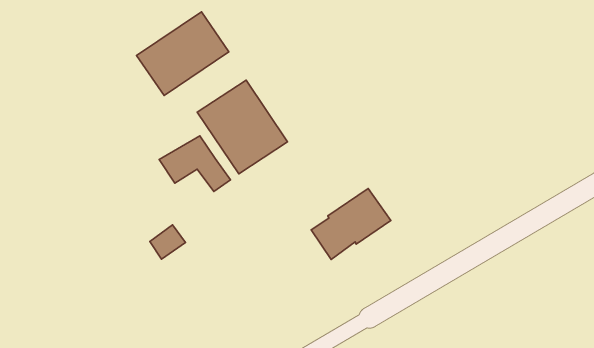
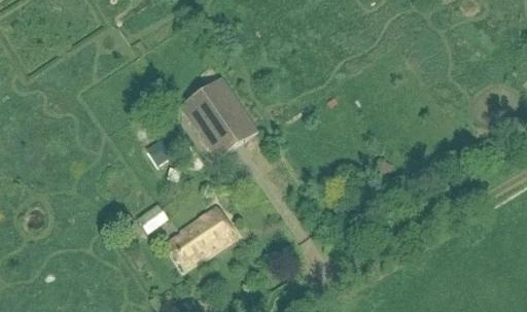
building: [137,12,229,95] -> none
building: [311,188,391,260] -> [166,206,235,268]

